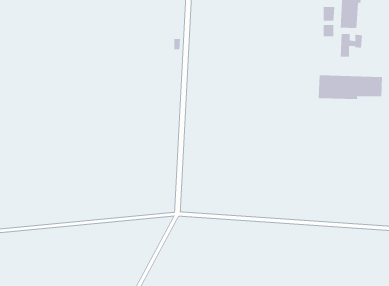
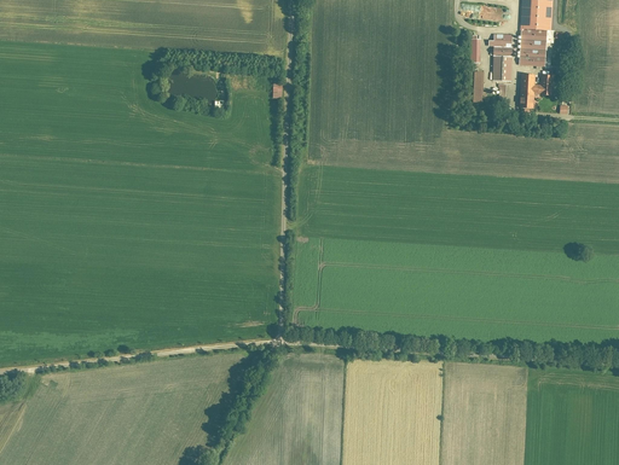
building: [318,74,383,100] -> none

